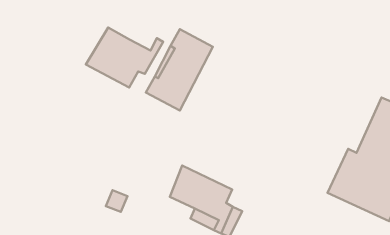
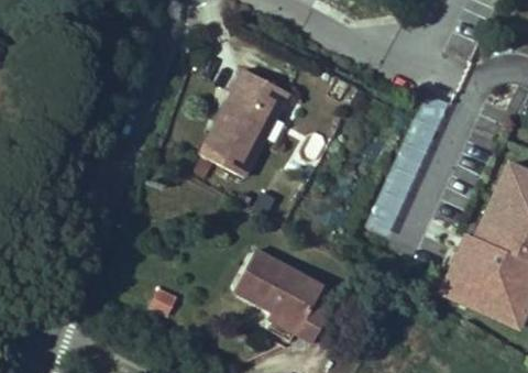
building: [86,27,163,88] -> none
building: none -> [365,89,449,237]

